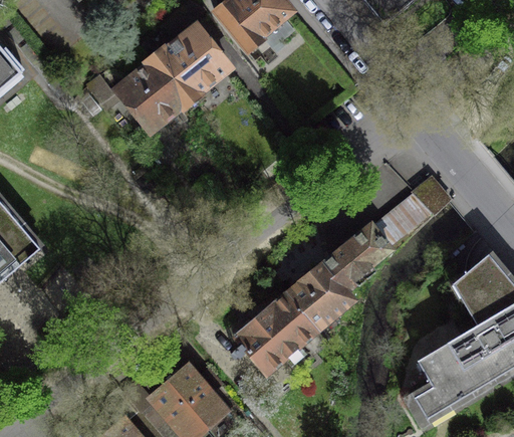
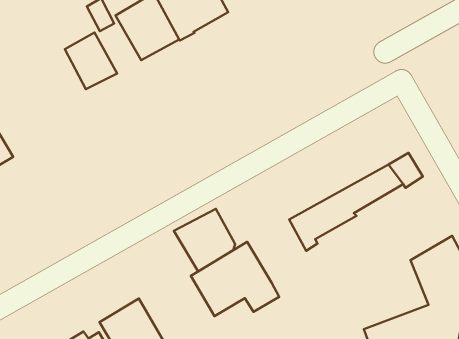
building: none -> [65,33,117,89]
building: [286,263,349,329] -> [174,209,235,271]

